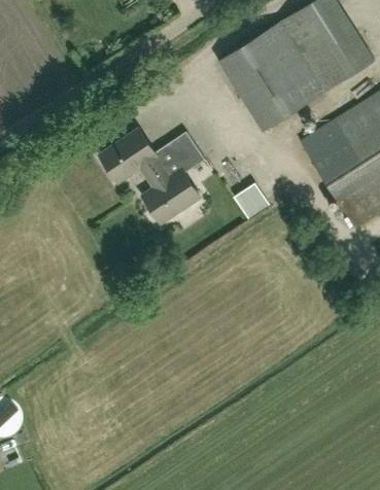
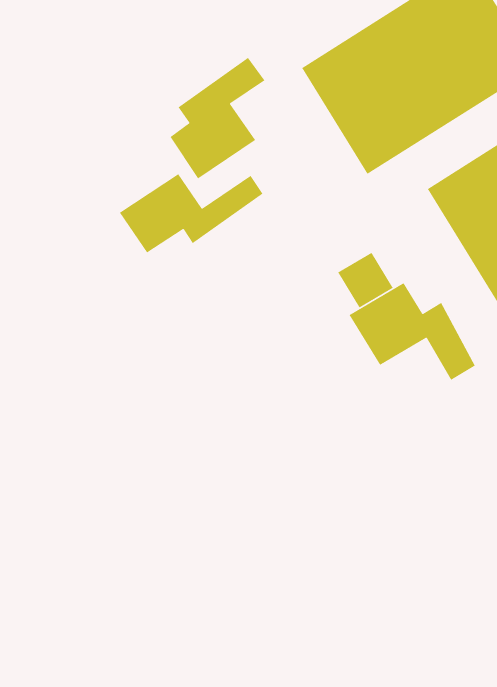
building: [142,144,205,224] -> [170,57,266,179]
building: none -> [349,282,476,381]

